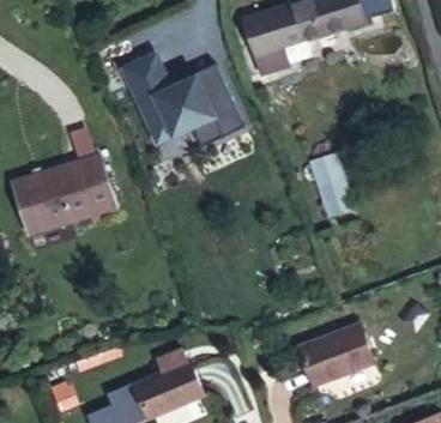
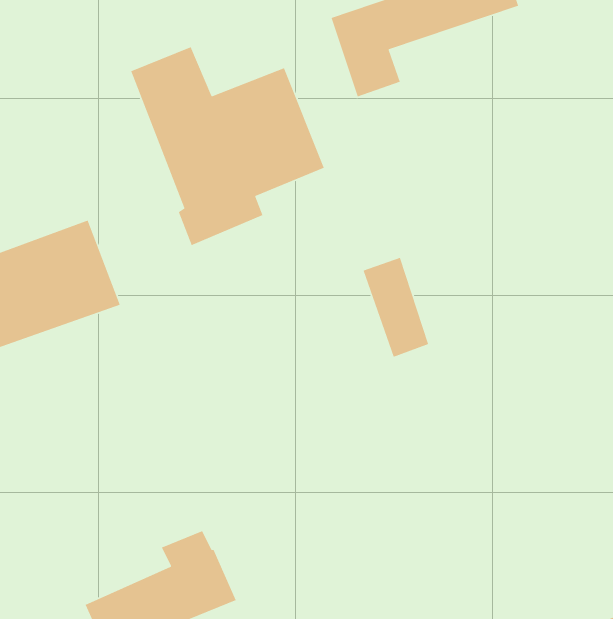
building: [304,155,346,218] -> [363,257,429,358]
building: [289,314,367,379] -> none

